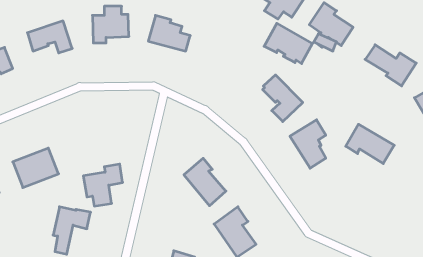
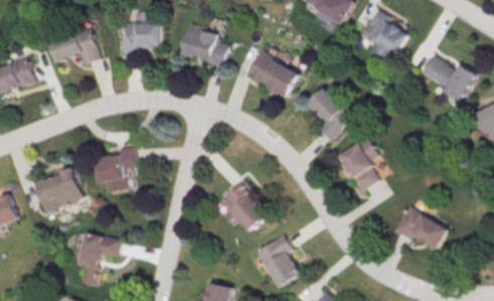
building: [264,23,313,64] -> [244,51,298,96]
building: [346,124,394,164] -> [394,206,448,250]
building: [83,164,123,206] -> [94,147,137,193]

